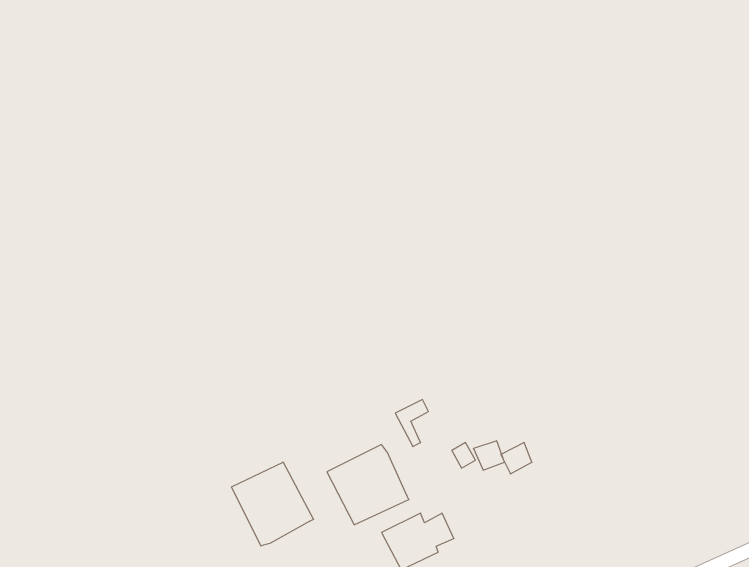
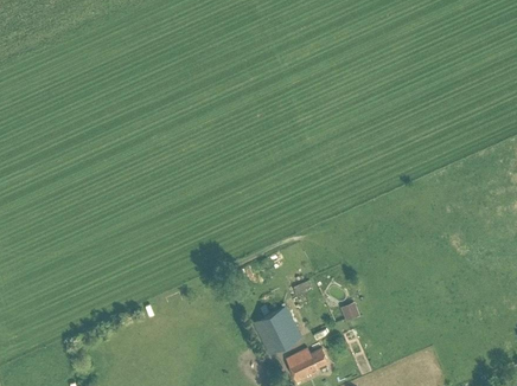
building: [231,462,314,546] -> none

